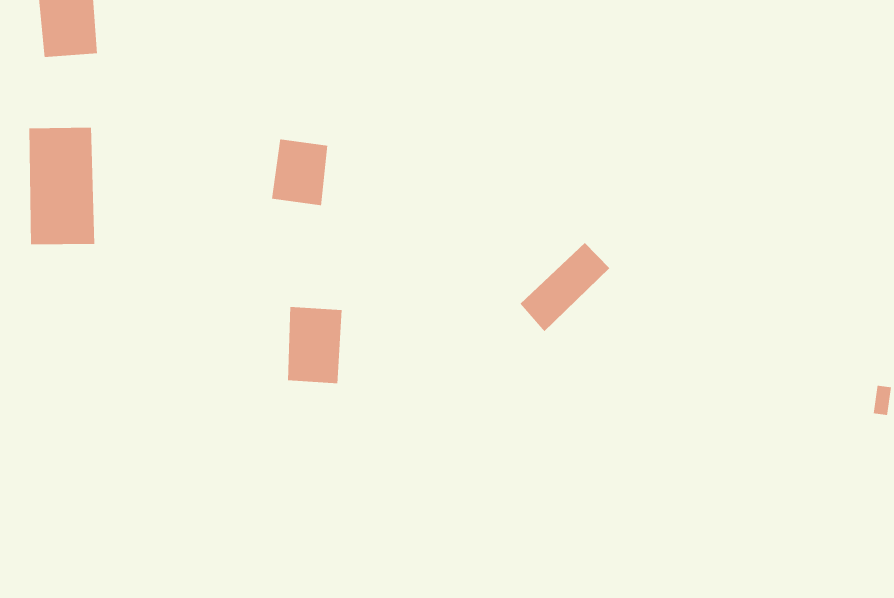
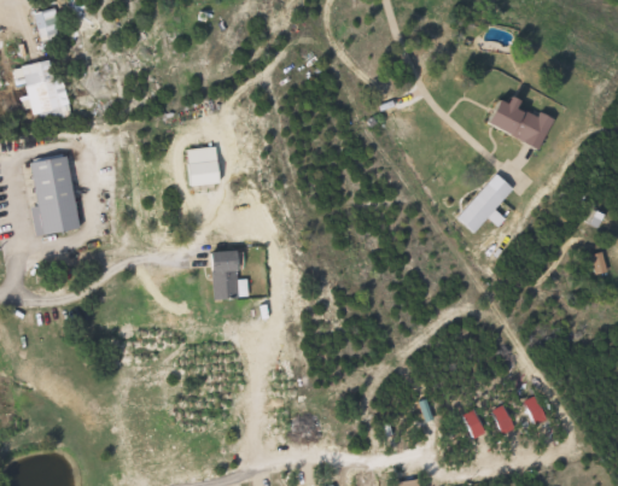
building: none -> [490,93,553,147]
building: [519,242,610,332] -> [459,172,513,233]

